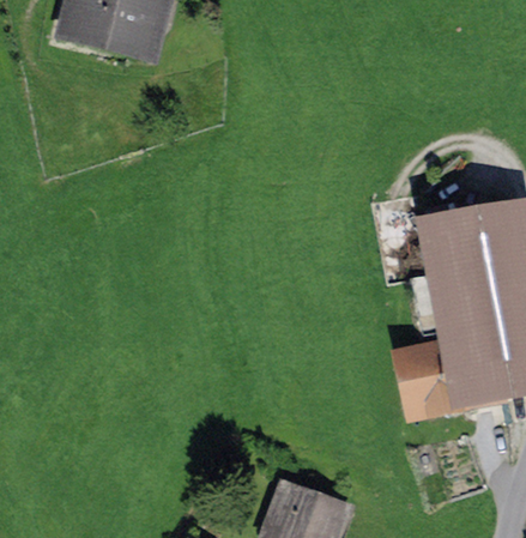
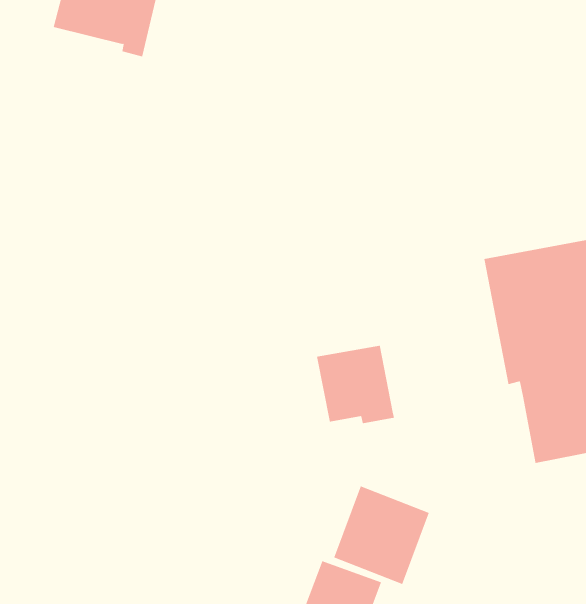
building: [406,344,472,410] -> [316,345,395,424]
building: none -> [333,486,430,585]

